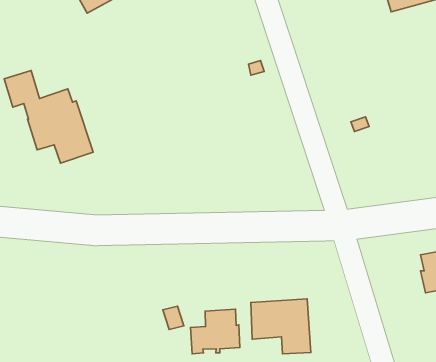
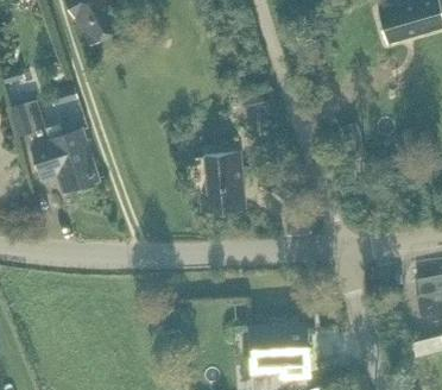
building: none -> [202,156,241,210]
building: [191,309,240,354] -> none

